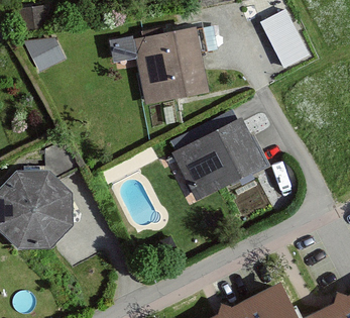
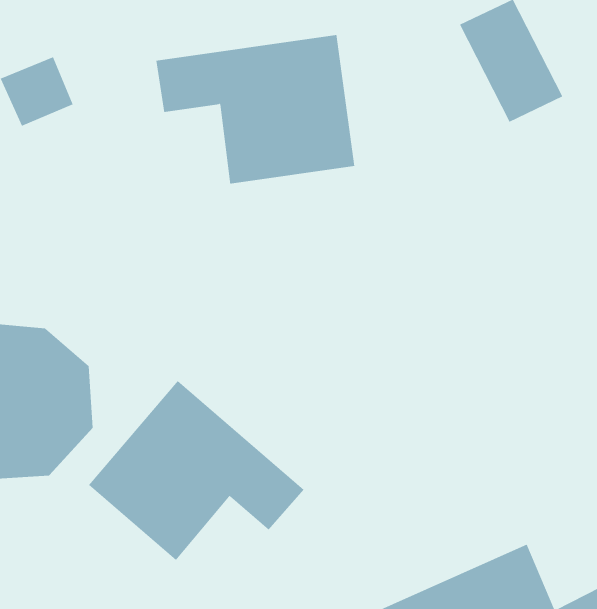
building: [168,107,268,201] -> none
building: none -> [88,380,305,561]

